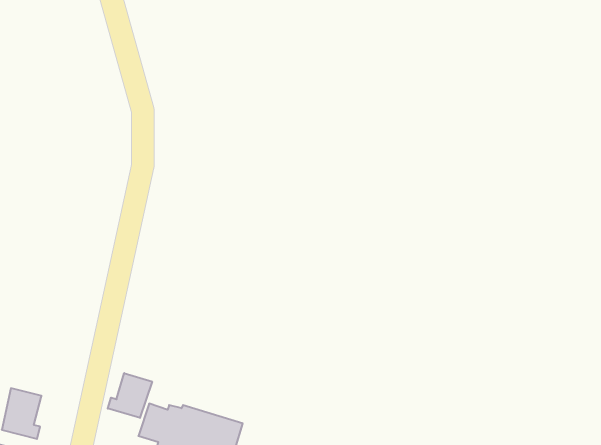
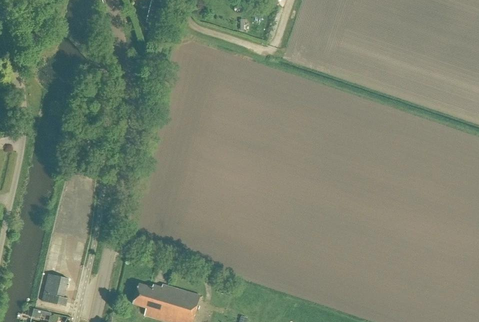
building: [108,373,152,418] -> none

